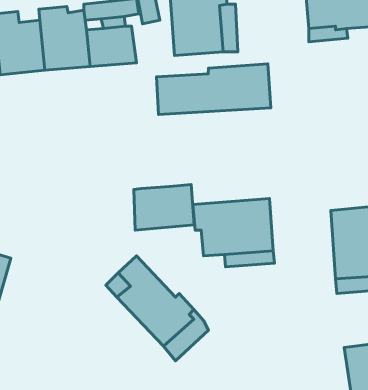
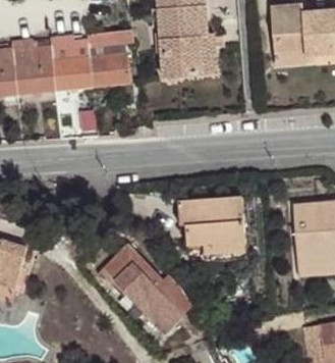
building: [157,64,271,114] -> none
building: [134,184,194,230] -> none

